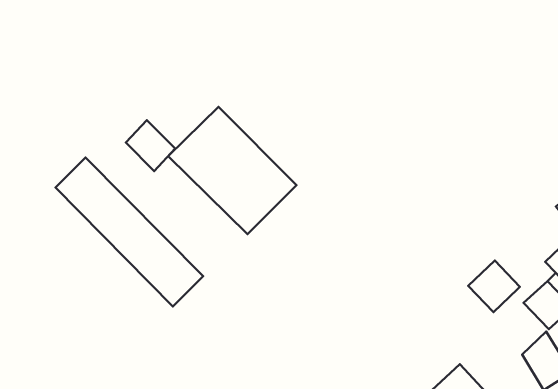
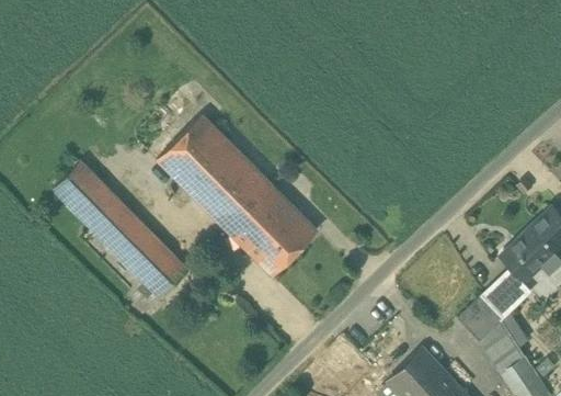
building: [126,120,175,171] -> none
building: none -> [229,186,318,276]
building: [468,260,520,312] -> [457,294,504,341]

